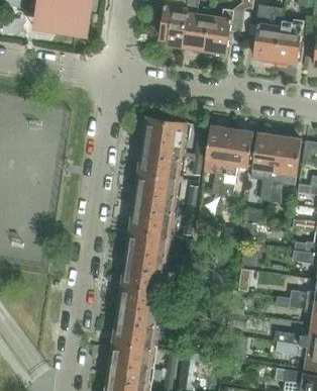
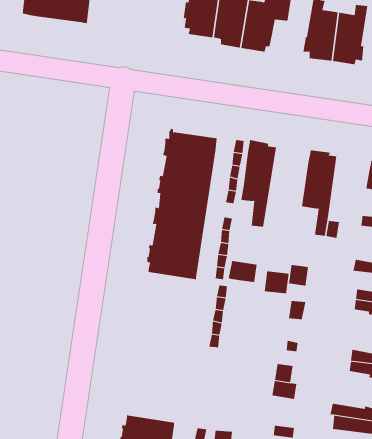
building: [223,129,254,195] -> none
building: [275,136,303,184] -> none
building: [114,228,171,347] -> none

